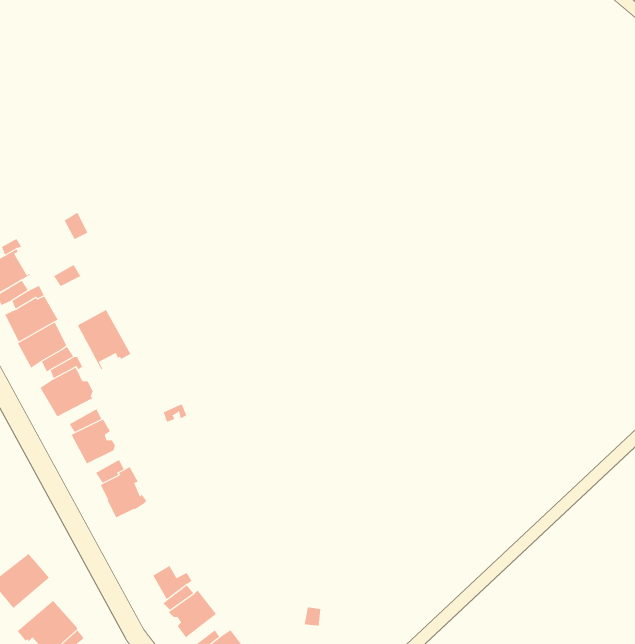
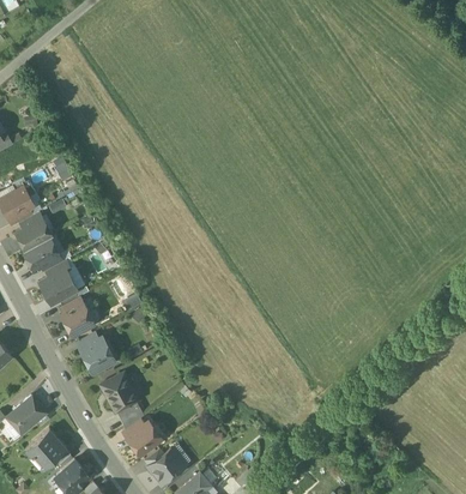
building: [78,309,131,370] -> none
building: none -> [101,374,140,412]

